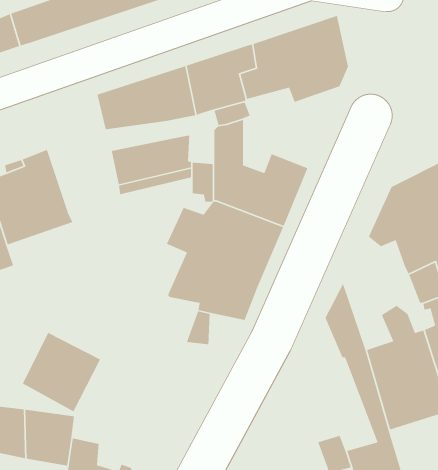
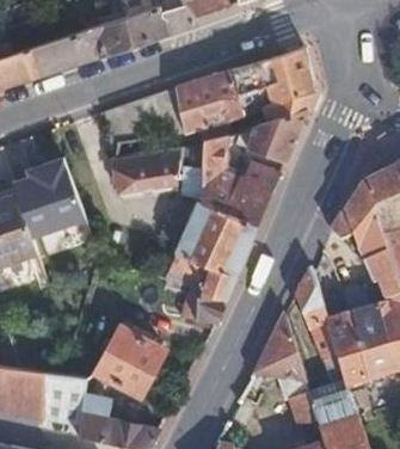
building: none -> [238,106,307,161]
building: [22,332,101,413] -> [99,328,165,395]
building: none -> [251,315,304,383]

